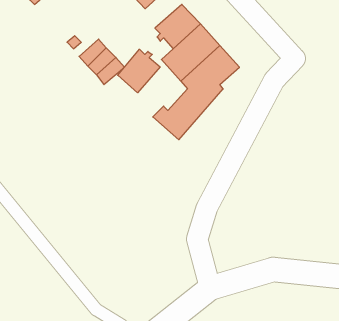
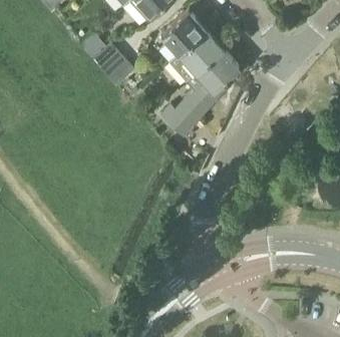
building: [118,49,160,93] -> none

